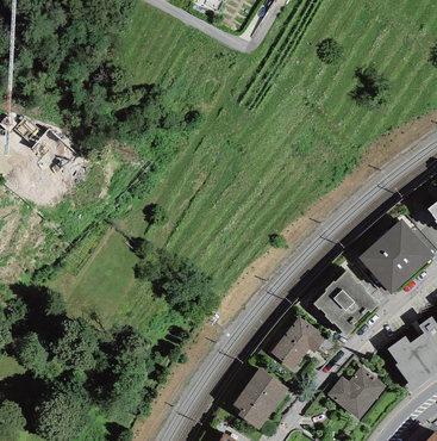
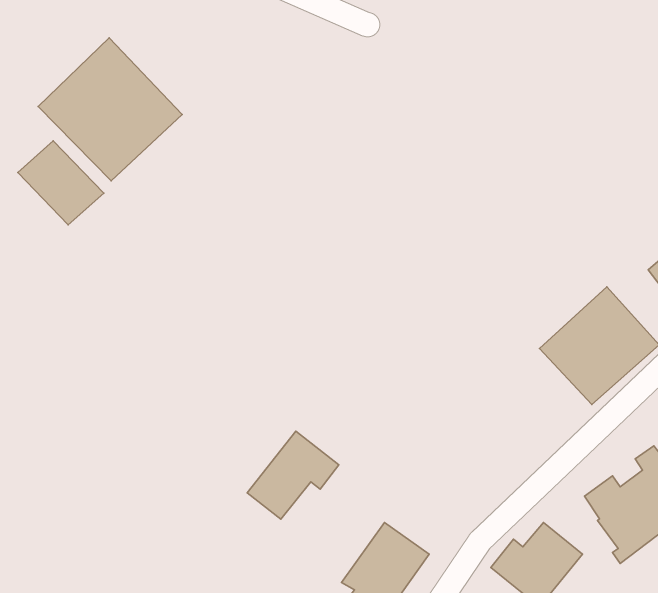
building: none -> [38,38,182,181]
building: [313,266,380,335] -> none
building: [268,315,326,371] -> [247,431,339,519]

